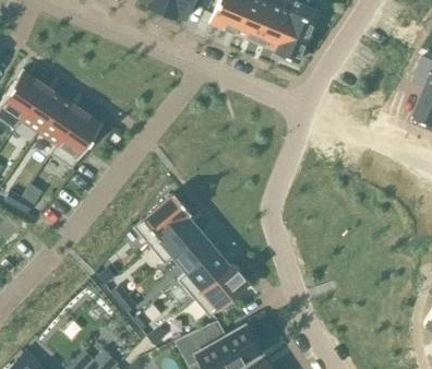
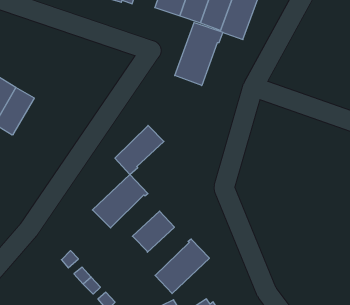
building: none -> [175,22,223,86]
building: [50,109,104,168] -> none
building: [151,215,202,264] -> [115,125,164,174]
building: [178,250,230,298] -> none

